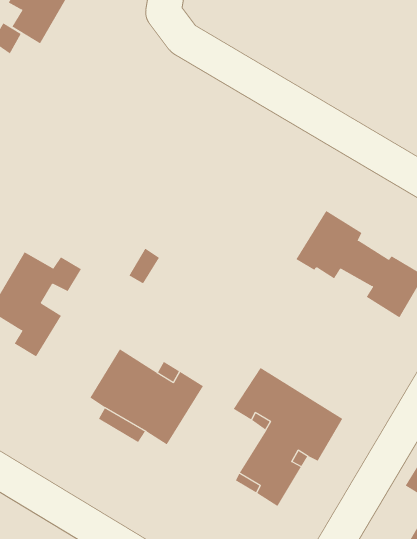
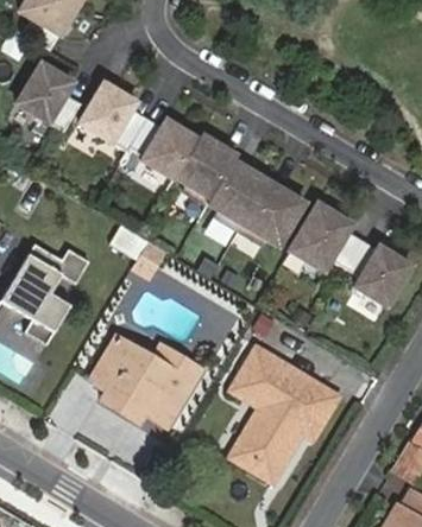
building: none -> [15,62,80,129]
building: none -> [78,82,304,246]

